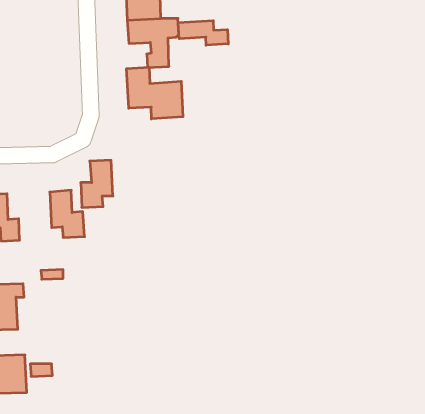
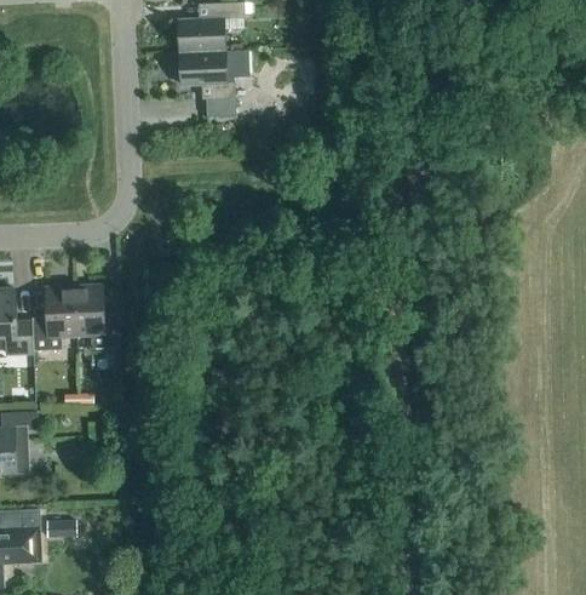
building: [178,21,228,45] -> none
building: [127,67,183,119] -> none
building: [81,160,113,207] -> [31,287,75,351]

